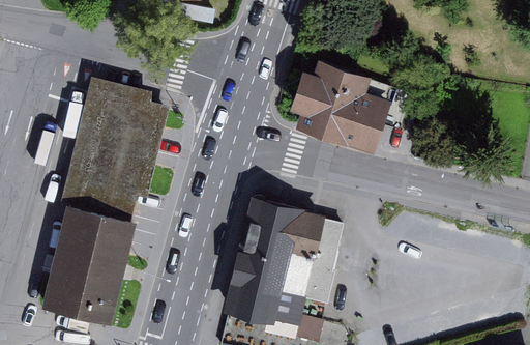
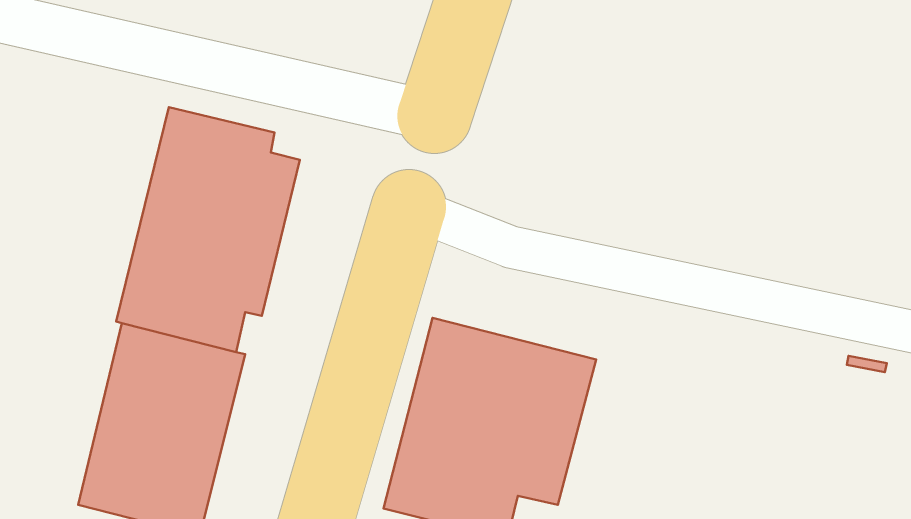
building: [278,61,384,150] -> none

